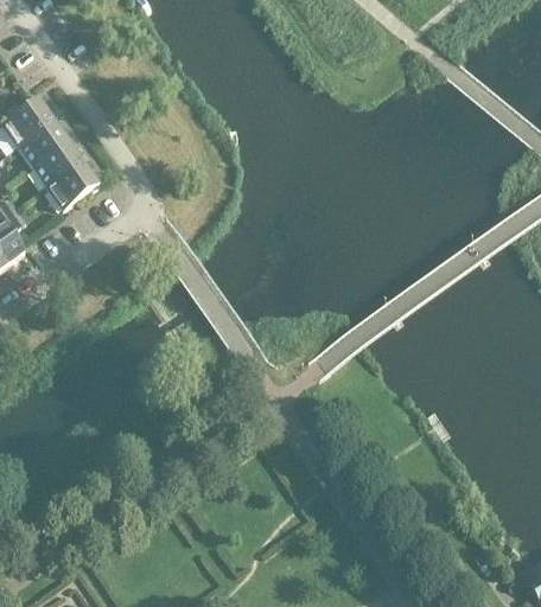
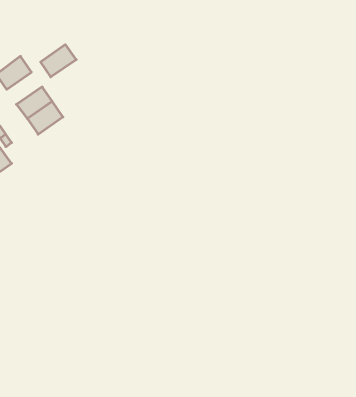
building: [17,119,68,165] -> [41,45,76,77]

